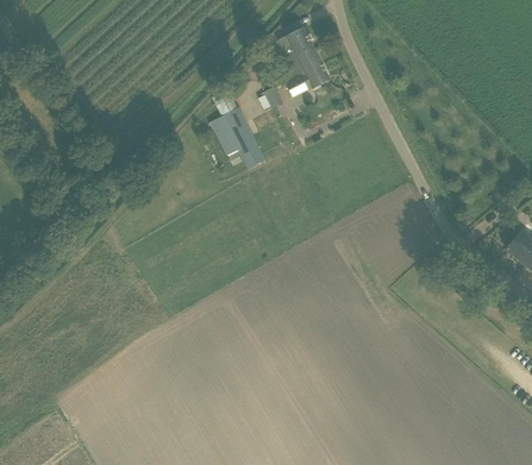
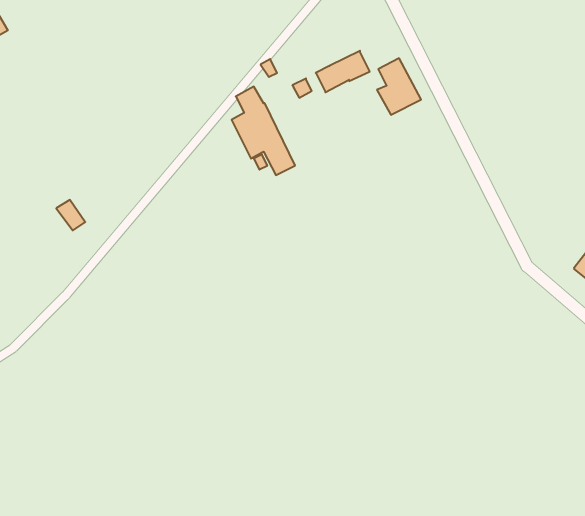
building: [283,27,321,76] -> [377,58,421,115]

